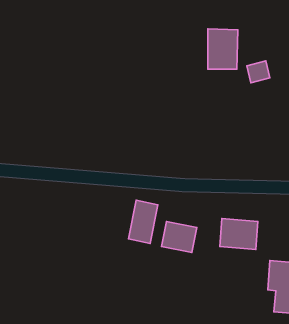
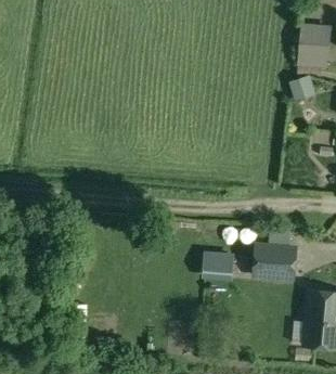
building: [208,29,238,69] -> [292,23,324,66]
building: [128,200,158,243] -> none

